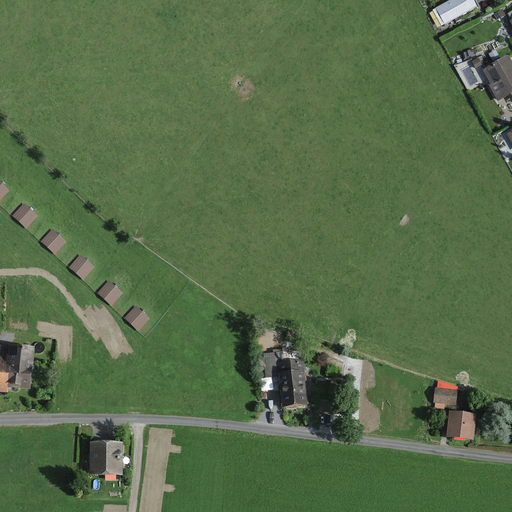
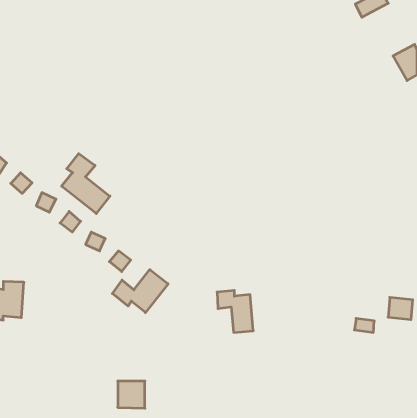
building: none -> [62,154,110,214]
building: none -> [112,270,168,313]
building: [447,413,477,440] -> [388,297,413,320]
building: [86,441,119,474] -> [118,381,145,408]

